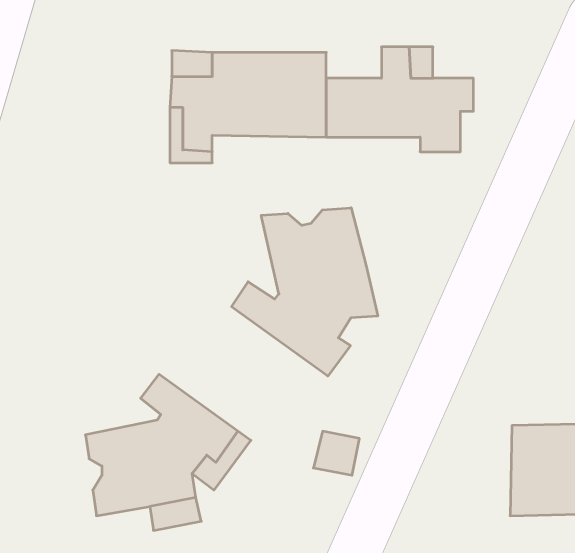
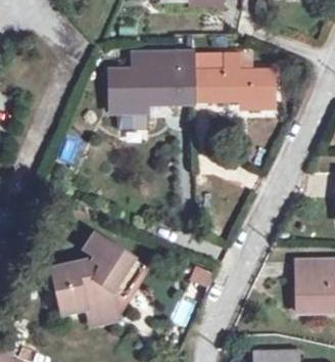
building: [232,208,378,376] -> none

